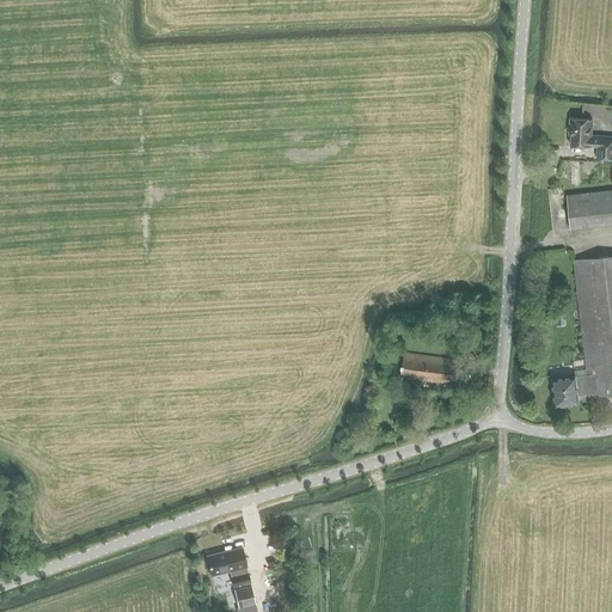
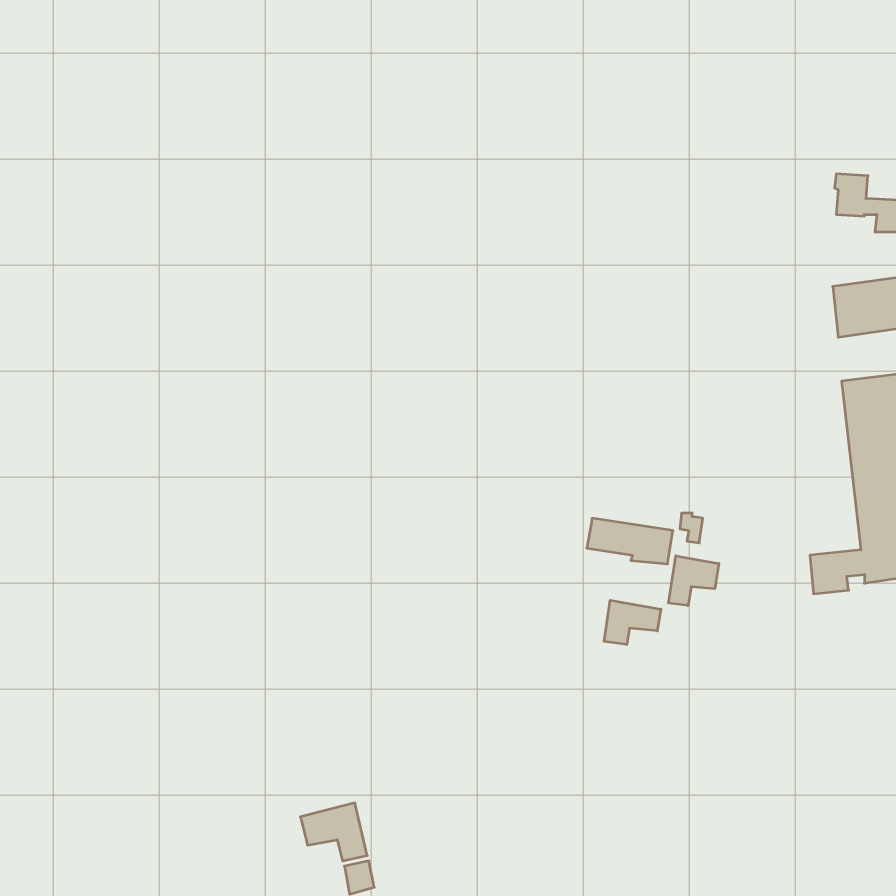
building: none -> [669,556,719,606]
building: none -> [604,600,661,645]

